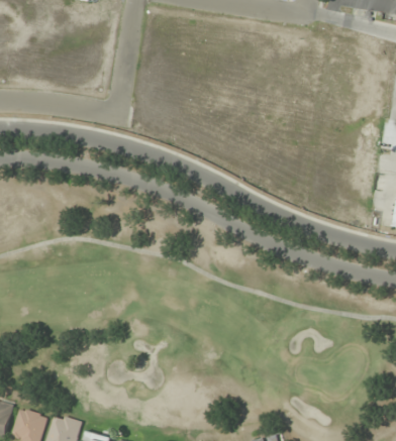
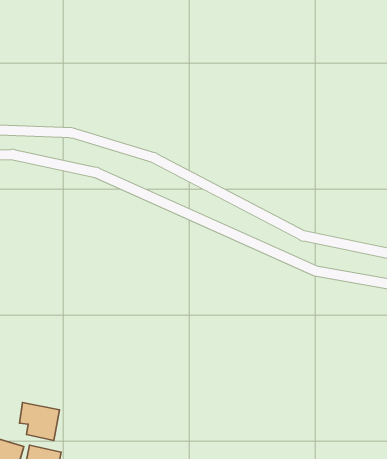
building: none -> [19,403,59,440]

